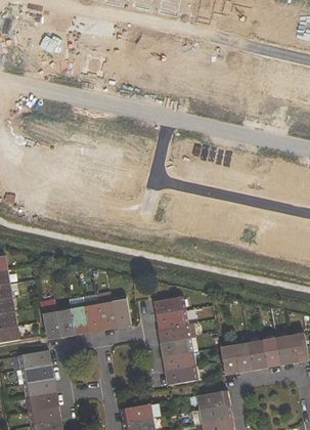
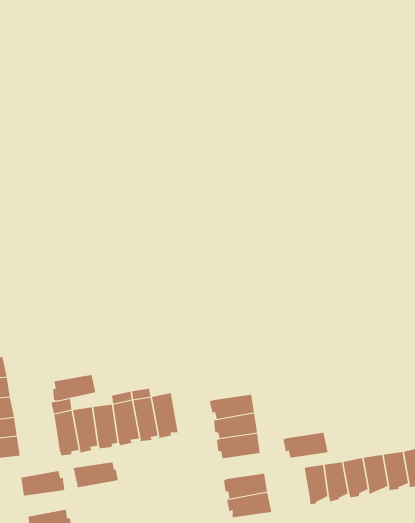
building: none -> [52,374,96,401]
building: [160,338,192,356] -> [283,432,329,458]
building: [20,364,53,383] -> [73,462,119,488]

